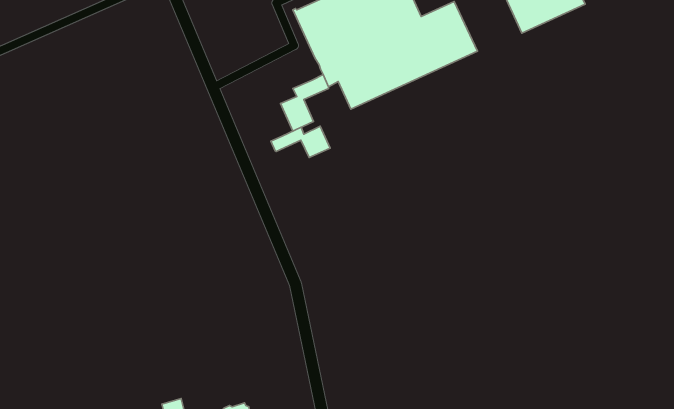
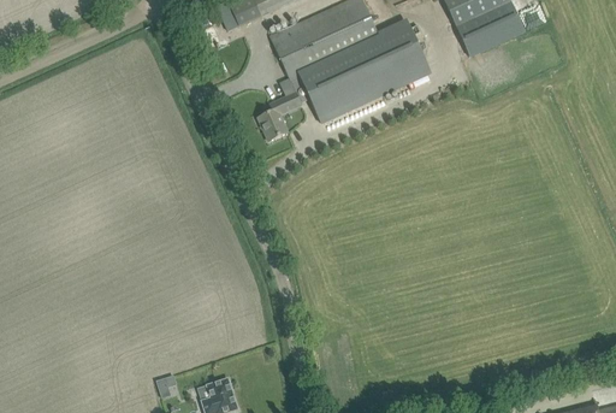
building: [271,126,330,157] -> none

